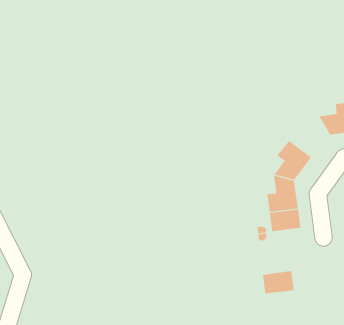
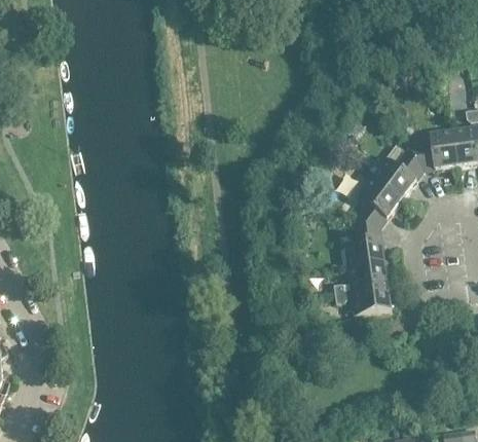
building: none -> [374,147,425,198]
building: [262,271,294,294] -> [353,286,393,315]

